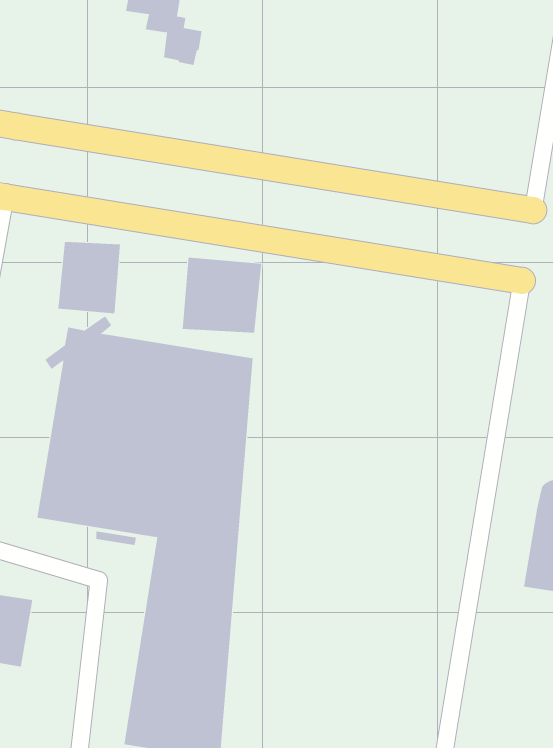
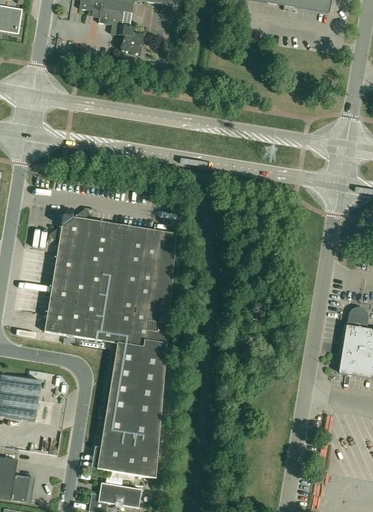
building: [58,241,120,314] -> none
building: [182,257,262,334] -> none

